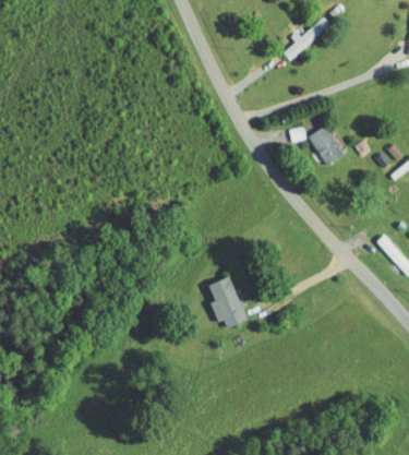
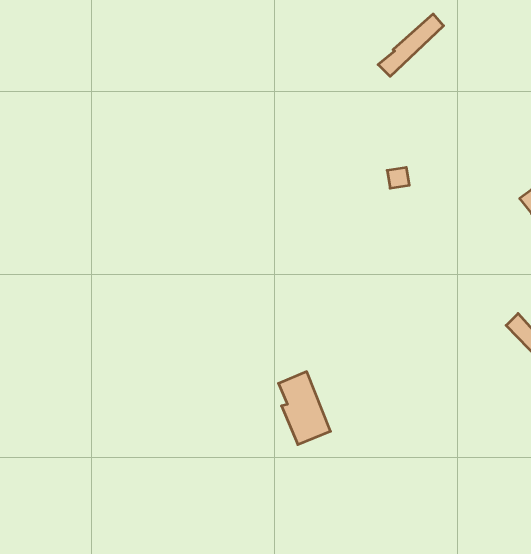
building: [308,125,345,166] -> none

